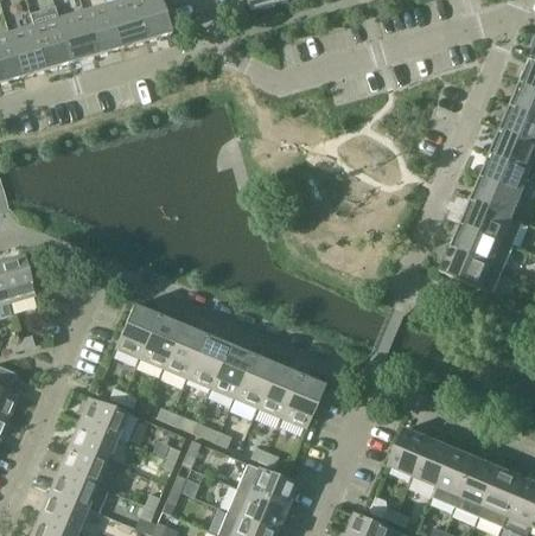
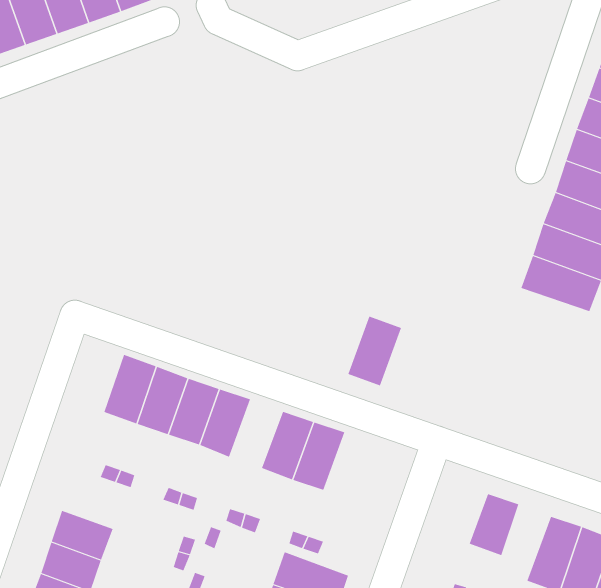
building: [209,344,251,397] -> none
building: [280,374,324,428] -> [347,316,402,386]
building: [77,396,136,442] -> none
building: [414,436,453,485] -> none

